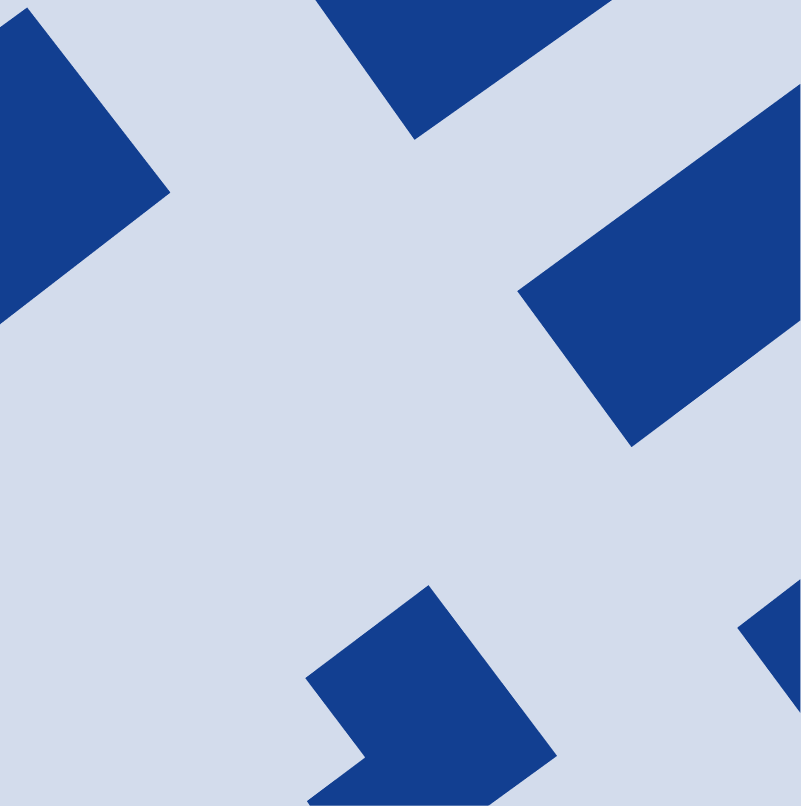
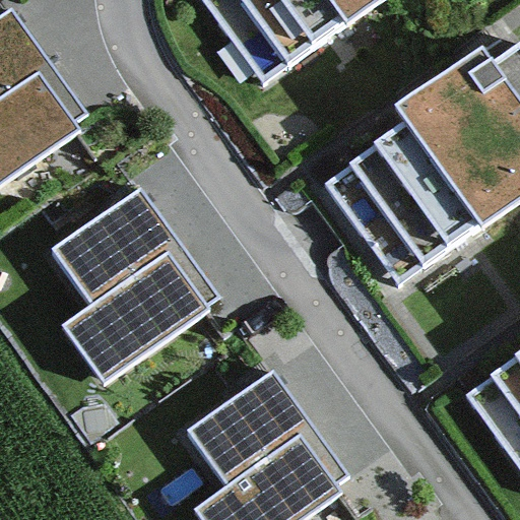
building: none -> [68,195,229,390]

